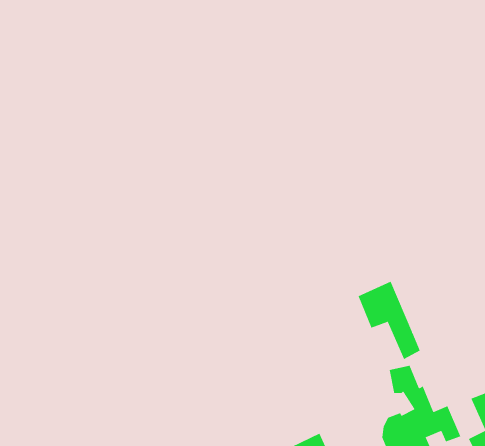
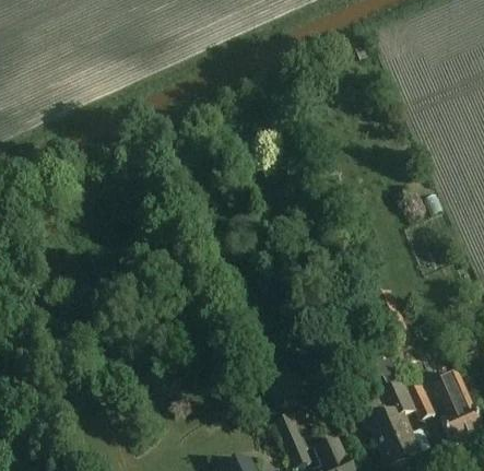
building: [358,281,420,360] -> none

